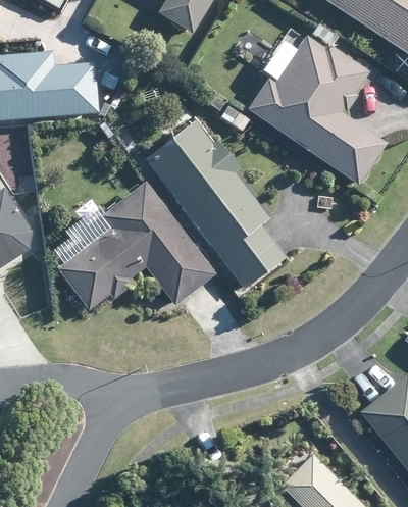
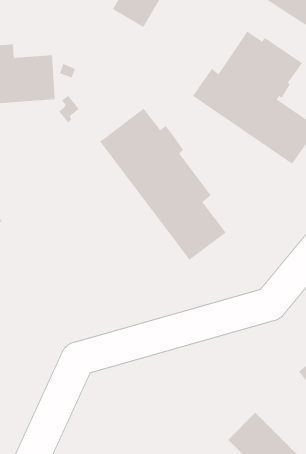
building: [55,181,213,308] -> none

